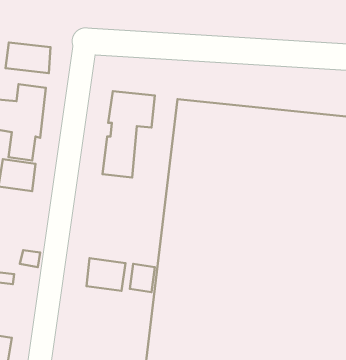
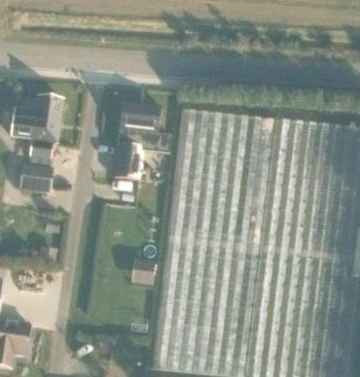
building: [6,43,51,73] -> none
building: [87,258,126,291] -> none

